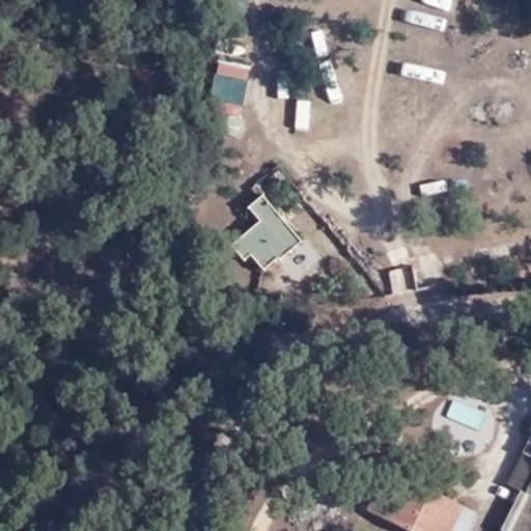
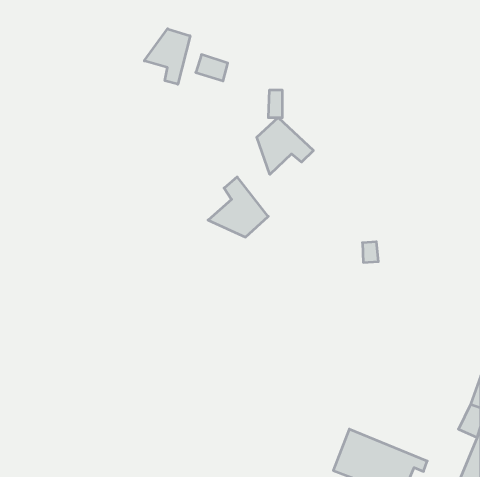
building: none -> [144,29,190,84]
building: none -> [257,118,313,174]

